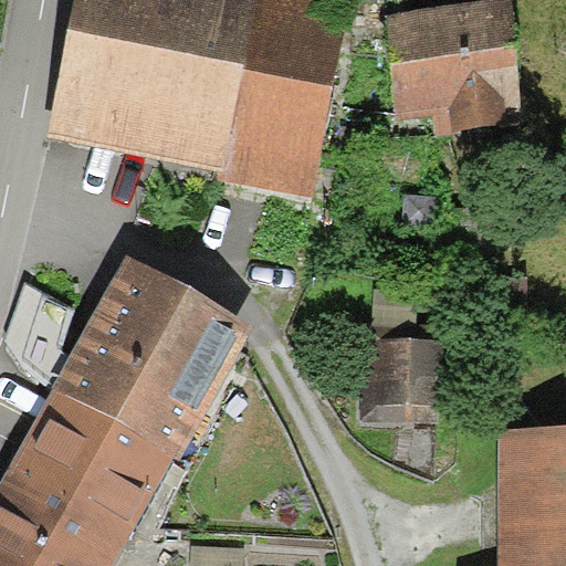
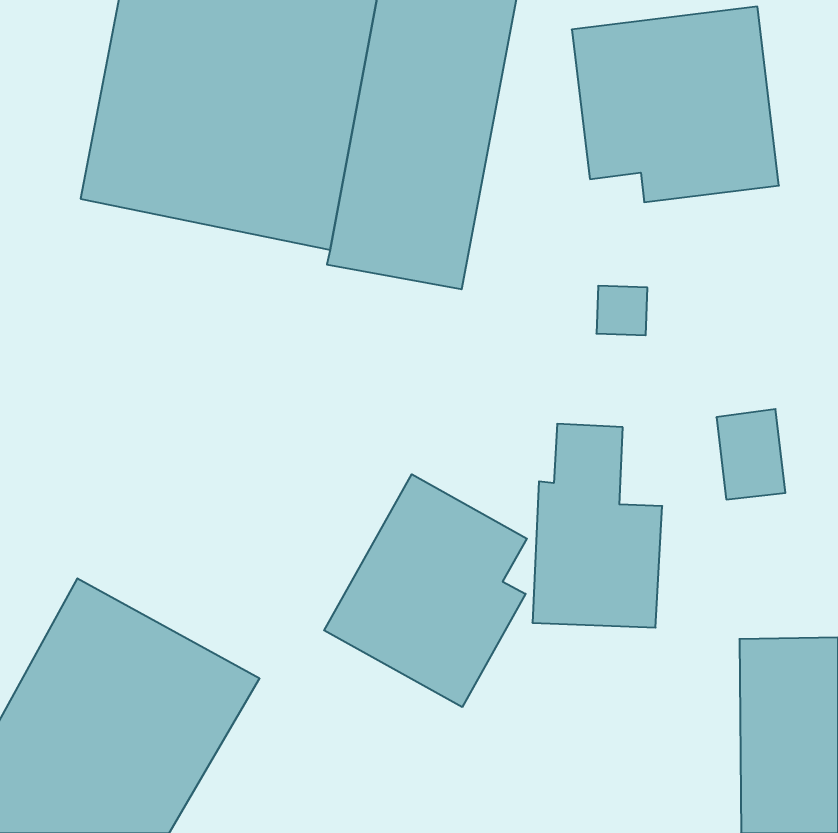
building: [52,256,253,460] -> none
building: none -> [324,474,527,707]

